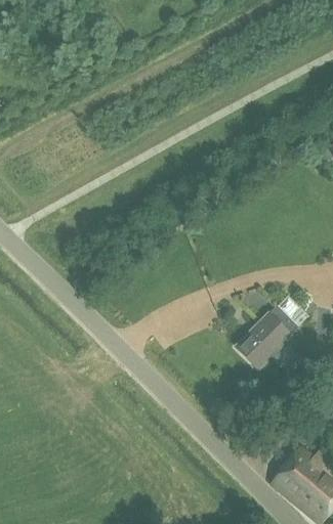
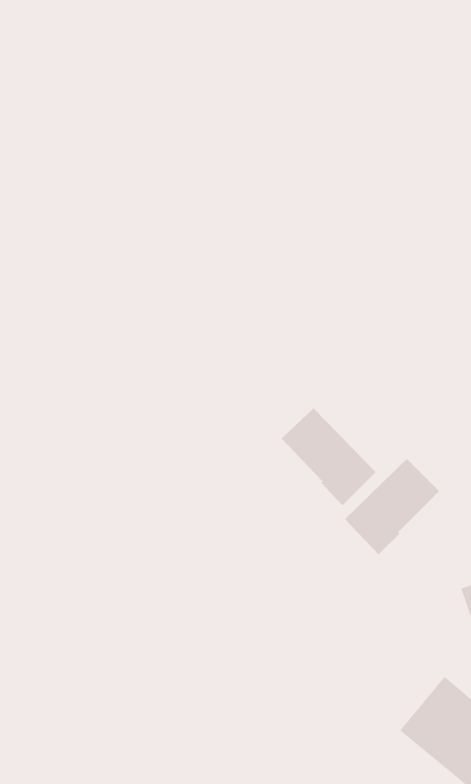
building: none -> [281,408,377,506]

